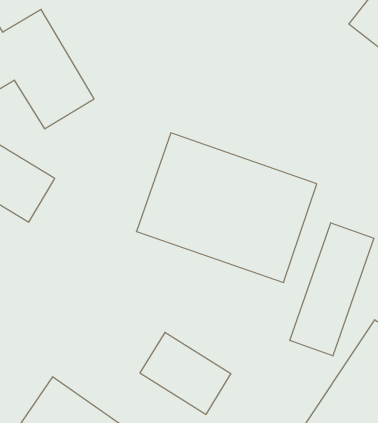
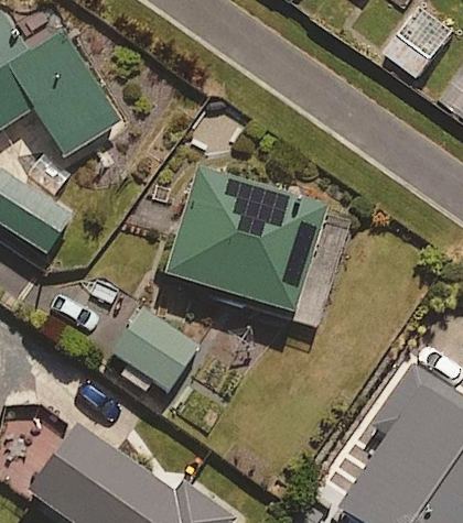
building: [290,223,374,356] -> none
building: [140,332,231,414] -> [103,305,200,392]

